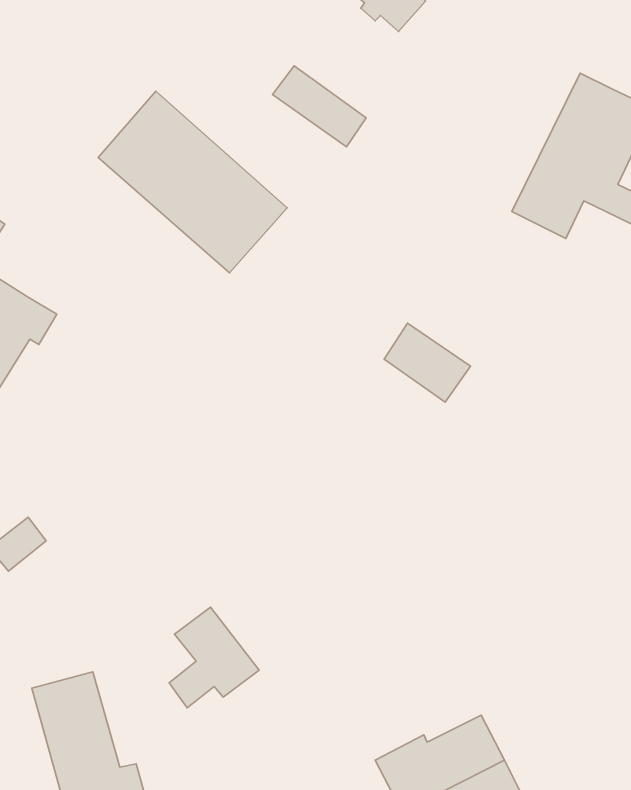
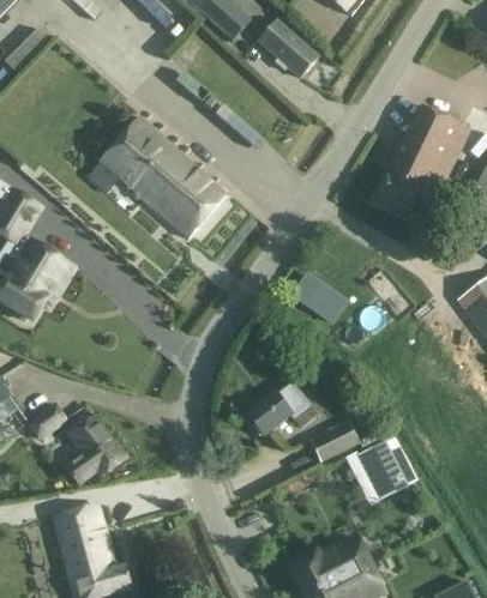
building: none -> [246,381,317,435]
building: none -> [308,421,357,461]
building: none -> [356,440,408,500]
building: [169,607,259,708] -> [66,415,126,482]

